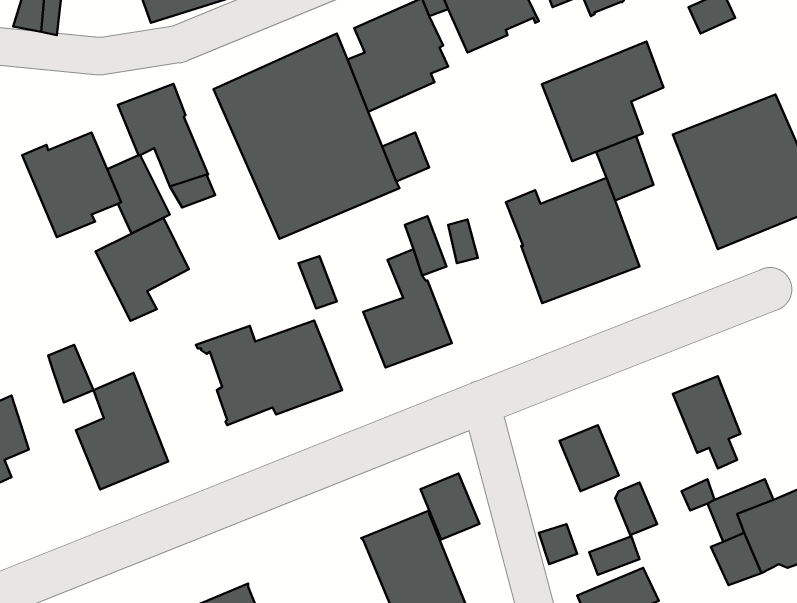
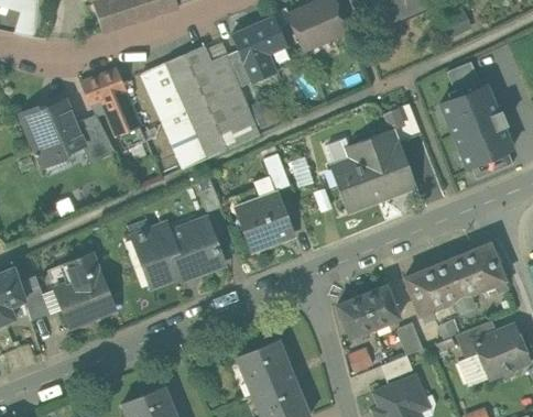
building: [542,41,664,161] -> none
building: [95,218,189,321] -> none
building: [48,345,93,402] -> [22,284,51,320]
building: none -> [461,243,507,292]
building: none -> [404,265,448,321]
building: [420,474,480,540] -> [337,295,374,337]

